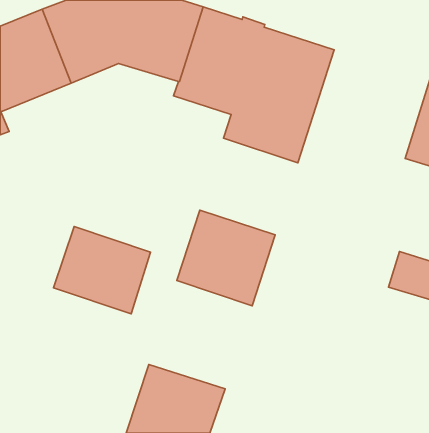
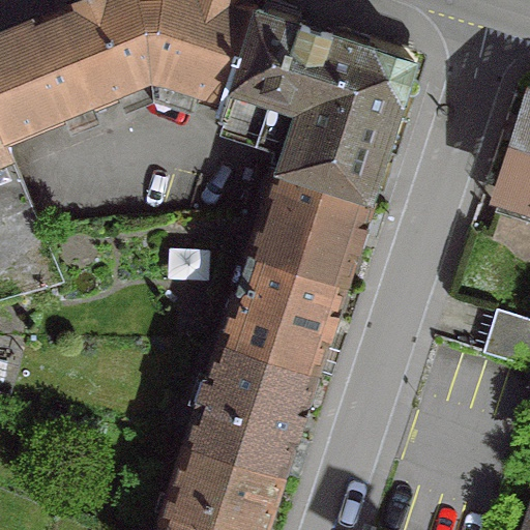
building: none -> [248,169,369,287]
building: [54,227,151,314] -> none
building: none -> [186,343,313,475]

